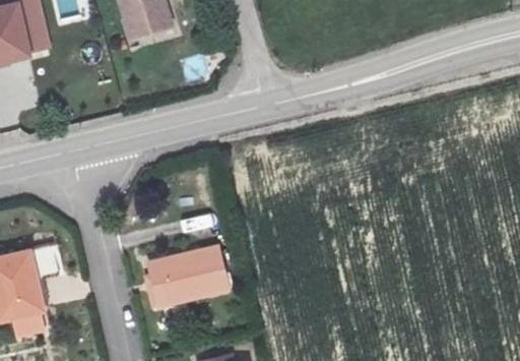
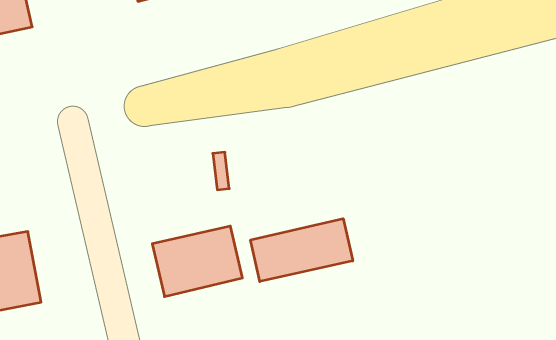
building: none -> [251,219,353,282]

